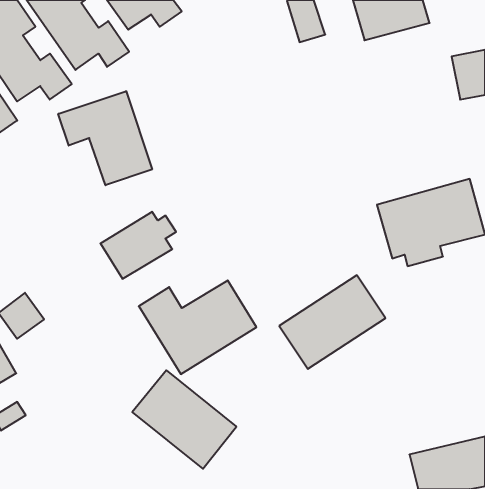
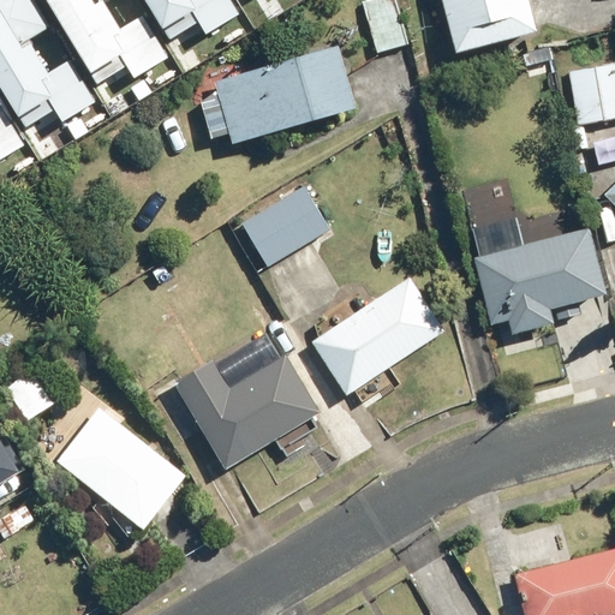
building: none -> [199,43,359,147]
building: [58,91,152,185] -> none
building: [100,212,176,279] -> [239,184,334,268]
building: [279,275,385,369] -> [312,276,446,394]
building: [132,370,236,469] -> [58,406,189,530]

